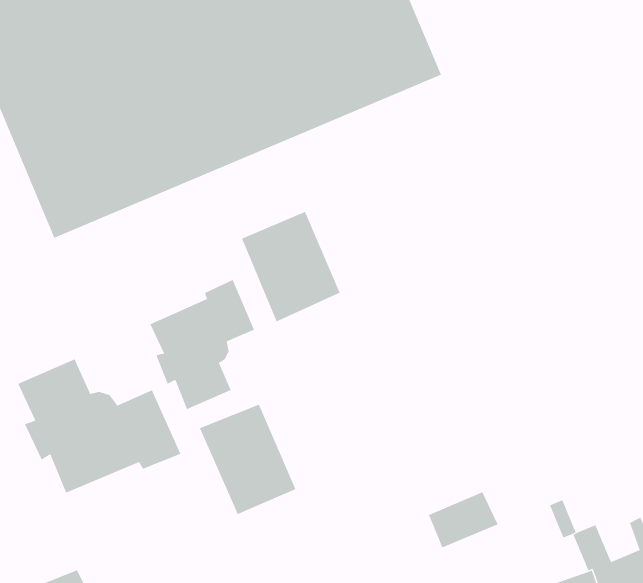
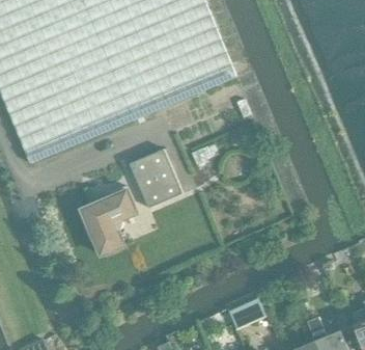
building: [17,358,181,494] -> none
building: [199,404,296,515] -> none

